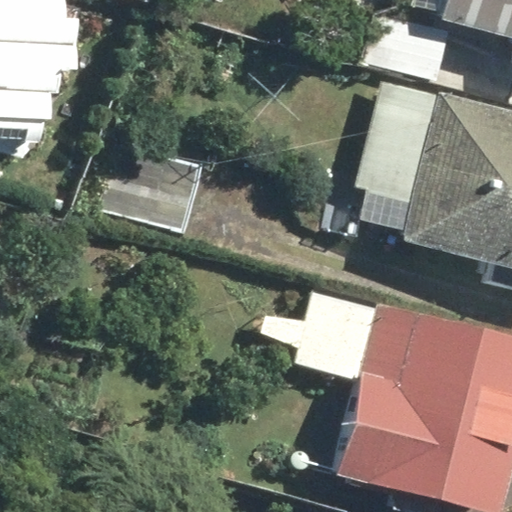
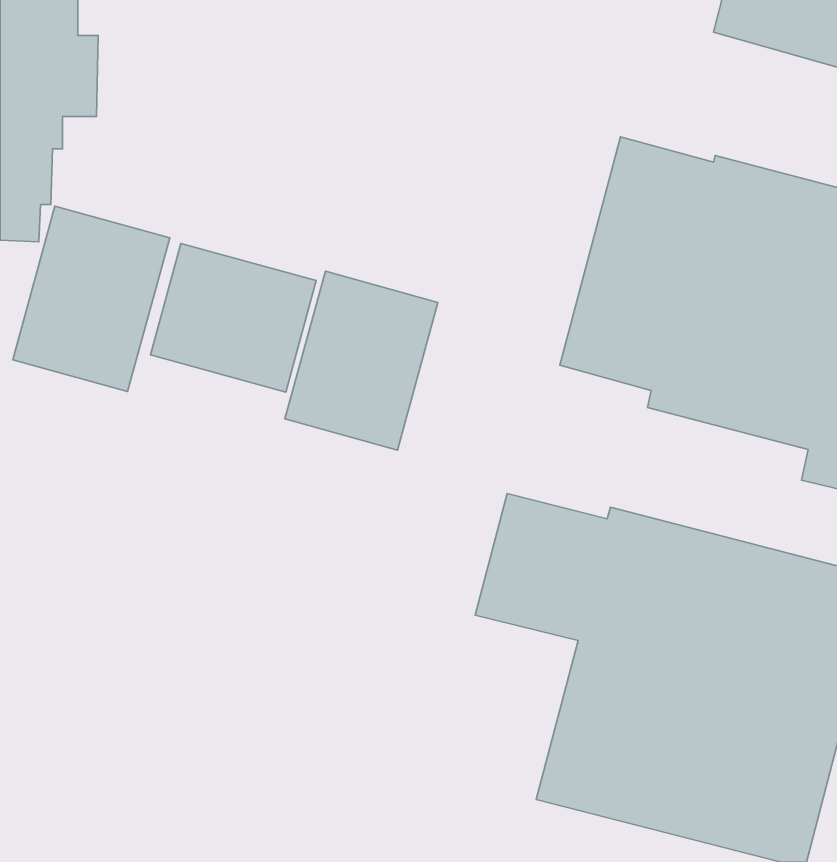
building: none -> [13,206,170,392]
building: none -> [285,271,438,450]

